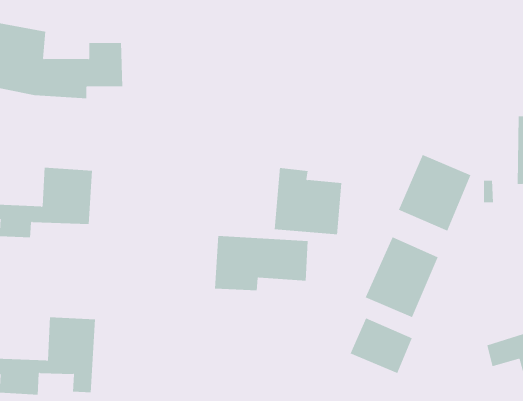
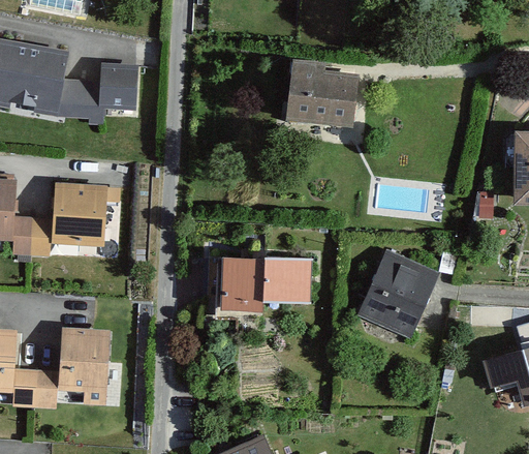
building: [398,154,471,231] -> none
building: [274,168,342,235] -> [289,67,354,131]
building: [350,317,413,374] -> none

